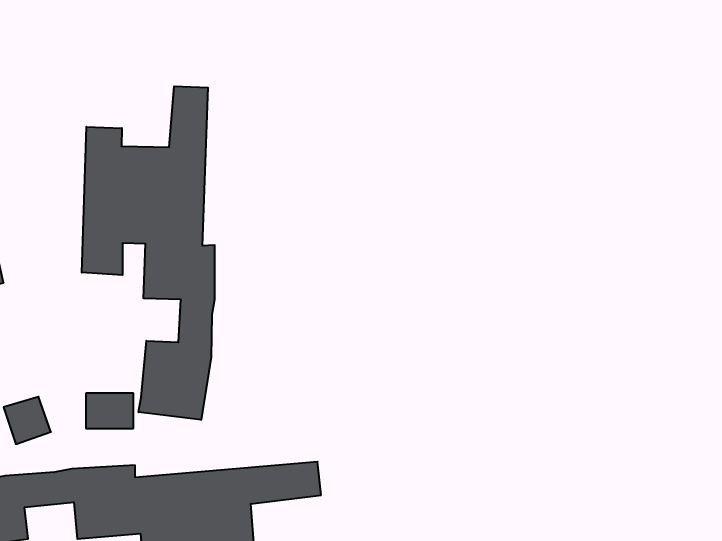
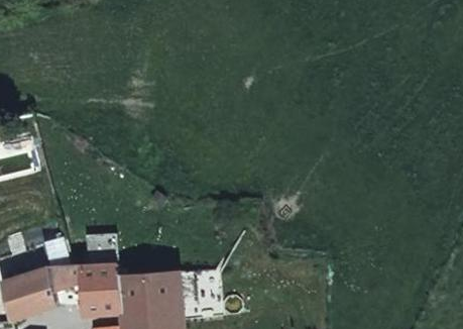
building: [82,86,215,420] -> none

